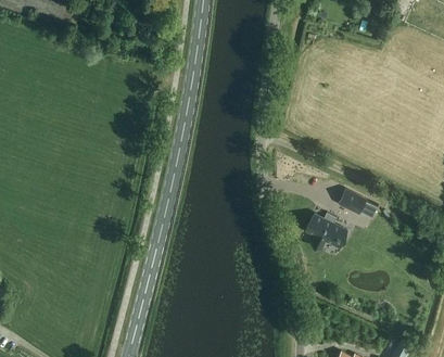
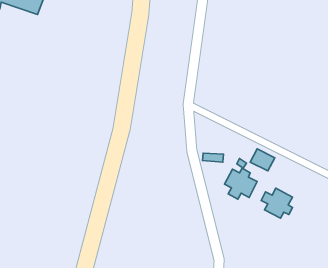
building: none -> [261,188,292,218]

